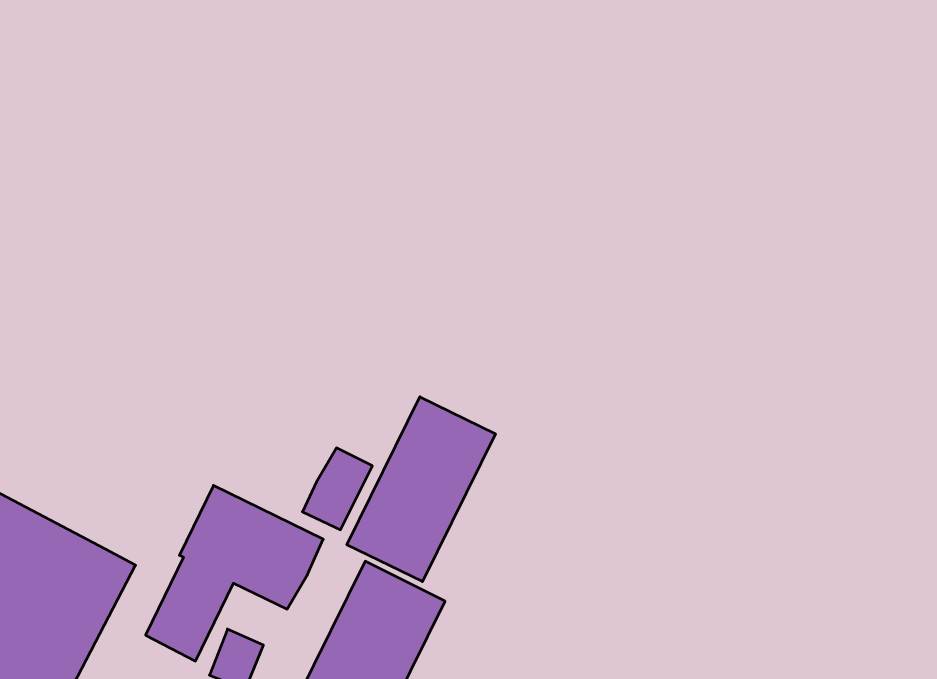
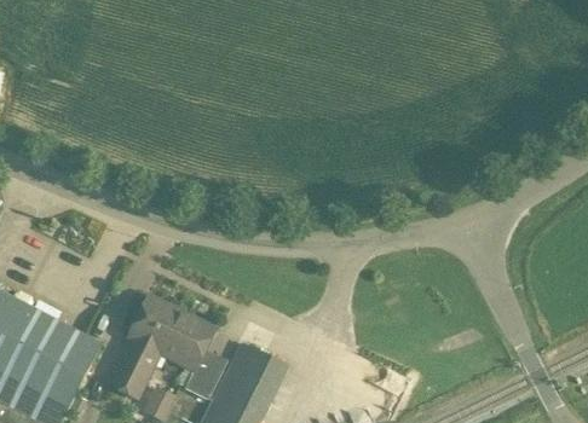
building: [347,397,495,582] -> none
building: [302,448,372,530] -> [184,349,226,399]

